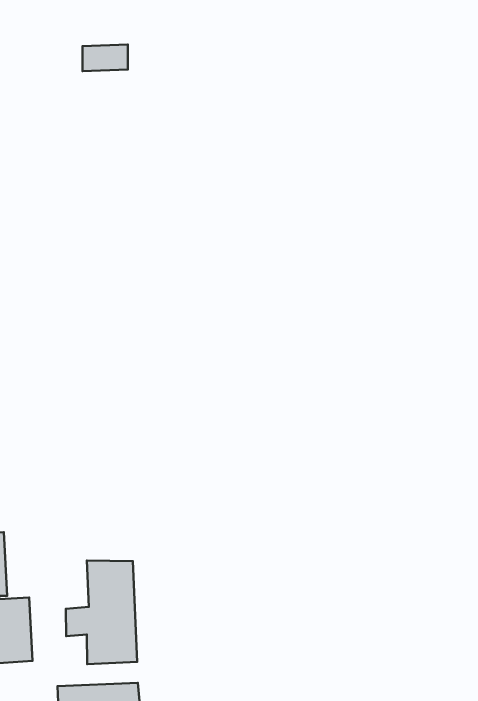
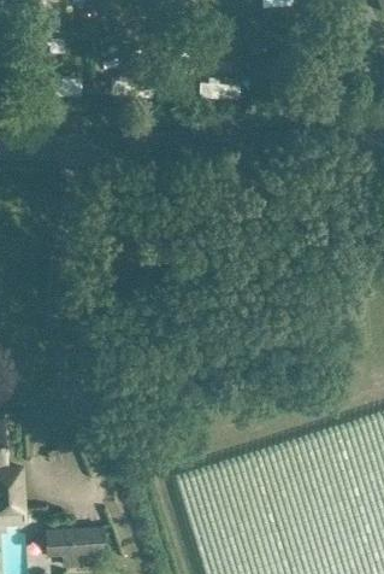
building: [66,561,137,664] -> none

